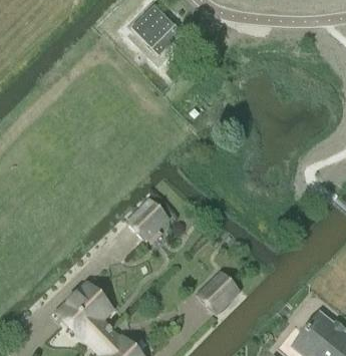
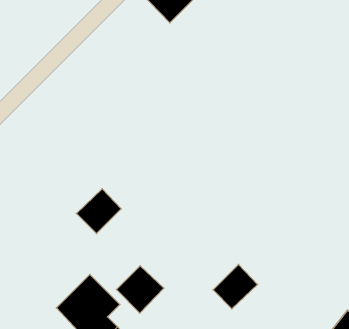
building: [127,201,167,241] -> [77,189,121,233]
building: none -> [116,266,164,313]

